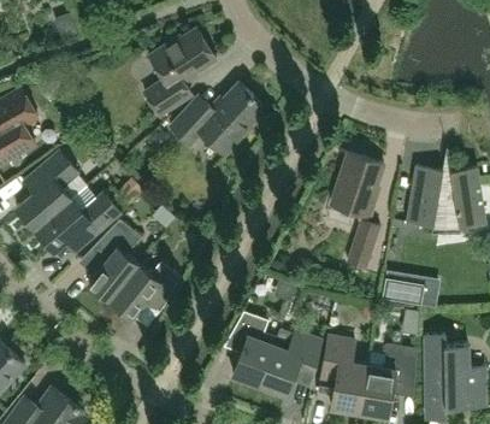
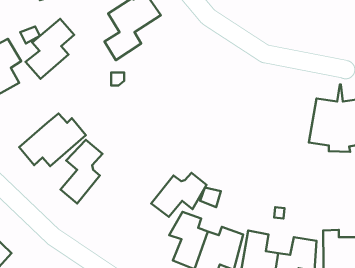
building: [170,83,262,155] -> none
building: [14,152,77,229] -> [25,19,74,79]
building: [330,153,383,270] -> none
building: [108,261,179,318] -> [151,173,206,217]
building: [380,277,424,306] -> none

